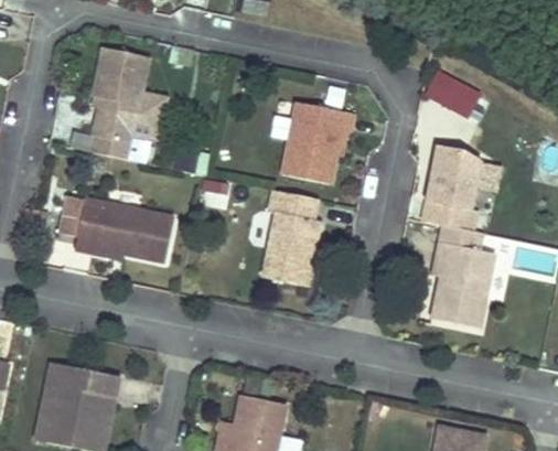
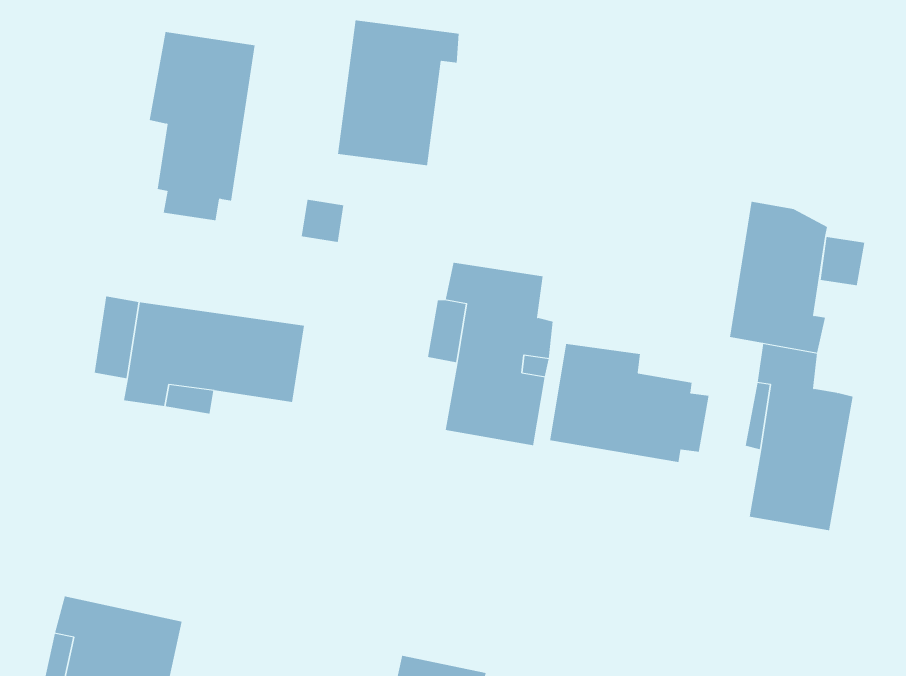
building: [425,71,481,119] -> none
building: [279,92,347,173] -> [337,20,459,166]
building: none -> [549,343,709,463]

